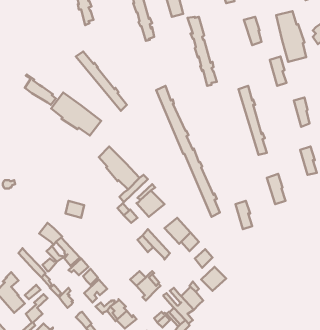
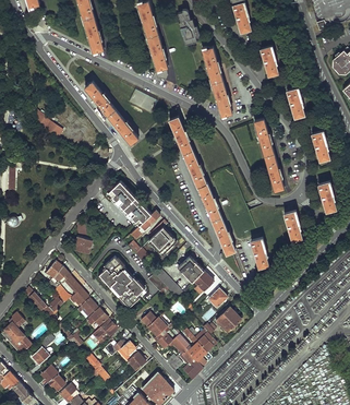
building: [276,11,306,62] -> none
building: [51,93,101,135] -> none
building: none -> [99,257,144,308]

